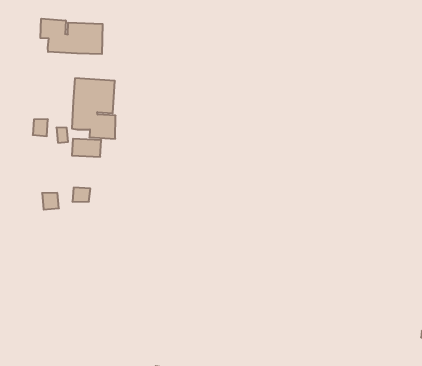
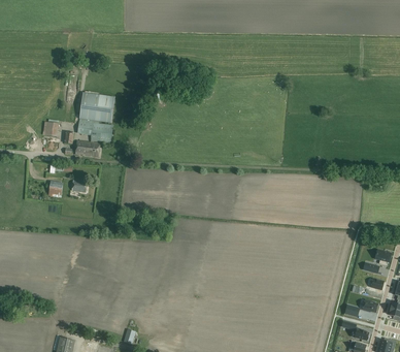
building: [40,19,103,54] -> none

